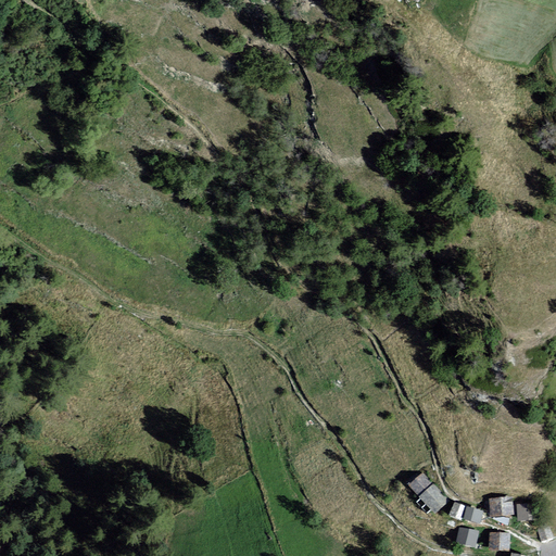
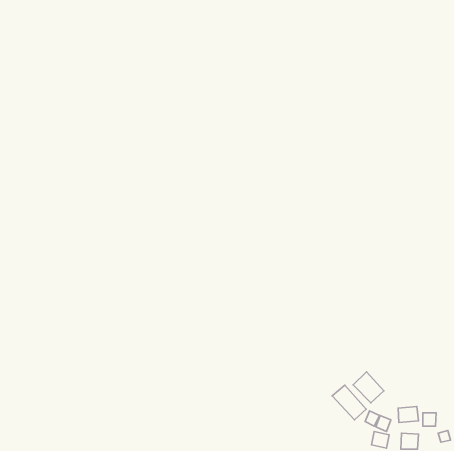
building: none -> [353,372,384,403]

